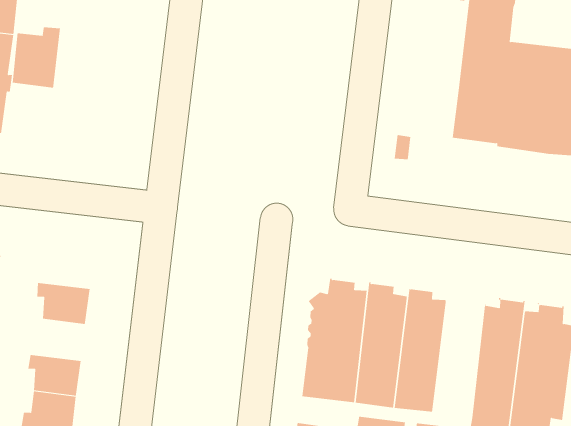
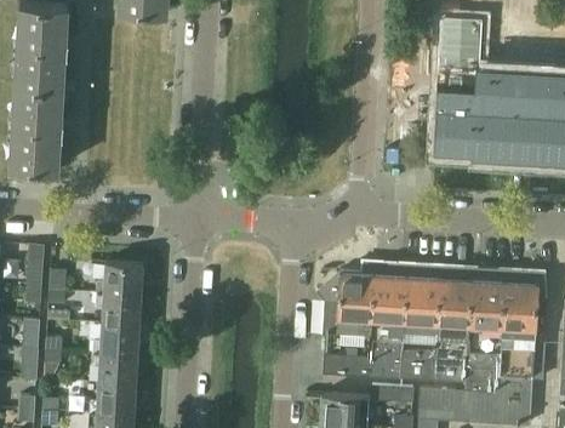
building: [12,27,60,88] -> none
building: none -> [97,263,143,295]
building: none -> [434,278,472,382]
building: none -> [95,323,139,355]

